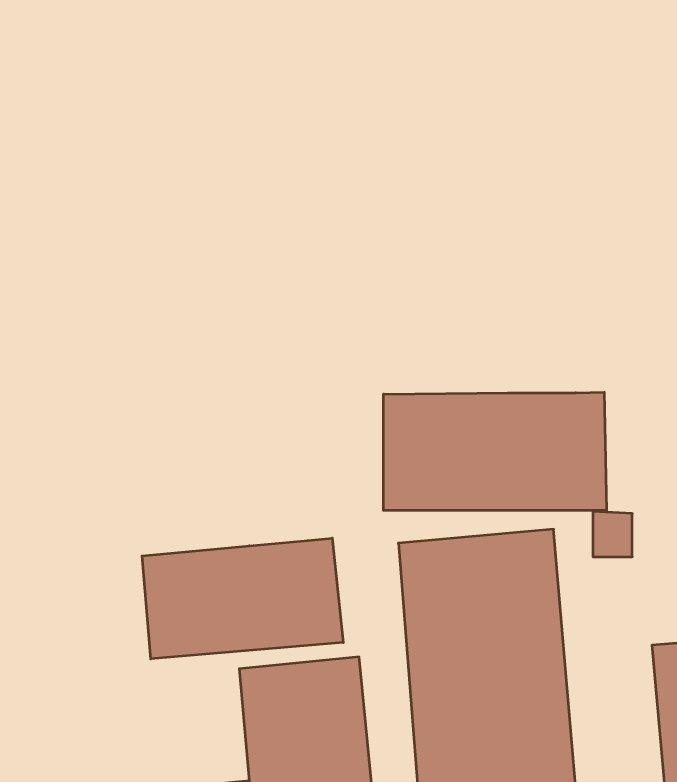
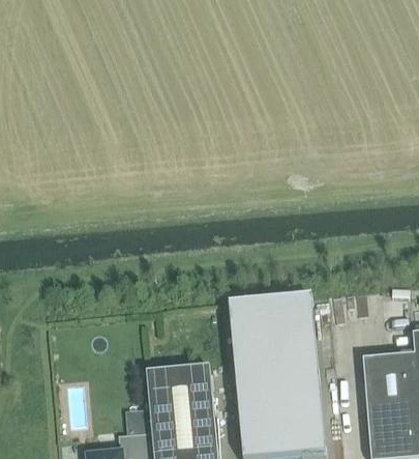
building: [383,392,607,510] -> none
building: [142,538,343,659] -> none

